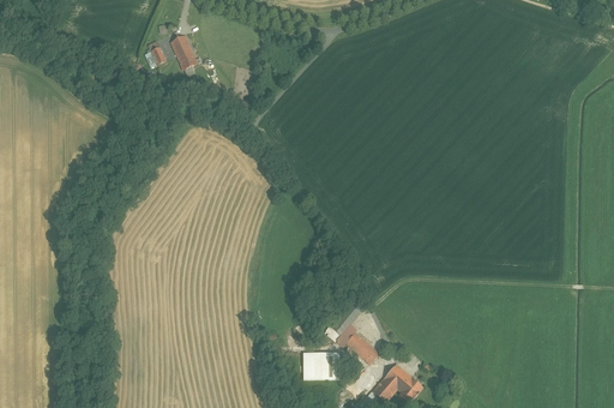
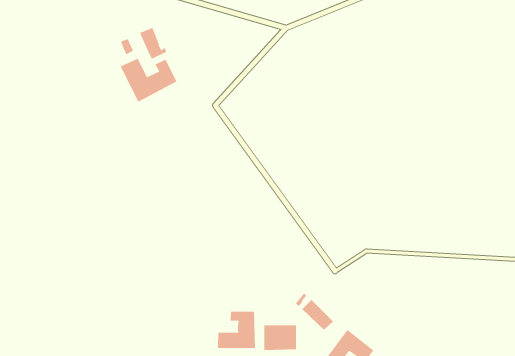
building: none -> [120,58,177,102]
building: none -> [218,311,255,349]

